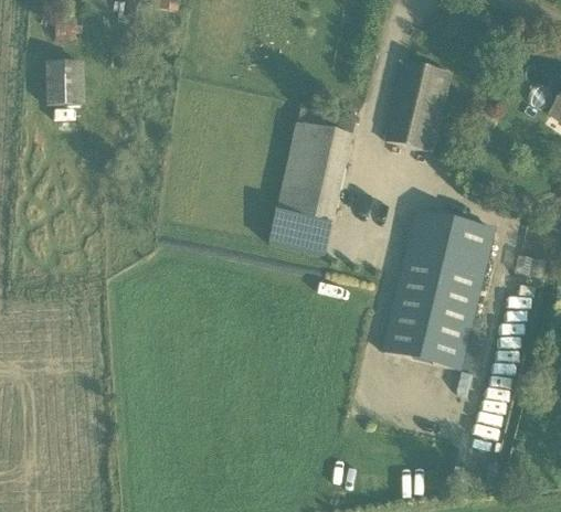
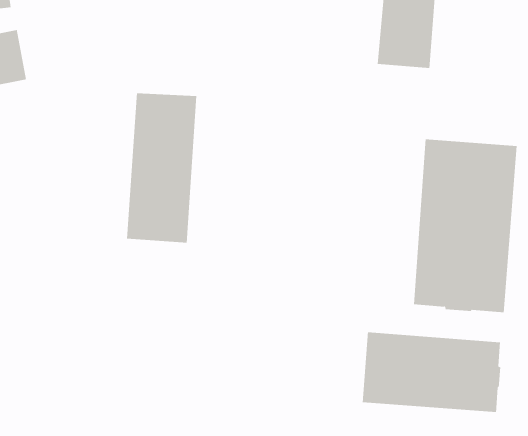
building: [271,119,351,255] -> [126,93,197,243]
building: none -> [362,332,501,413]

